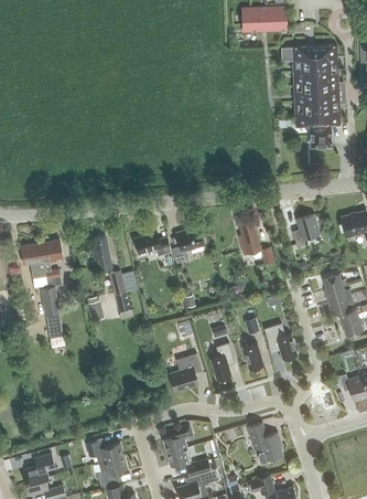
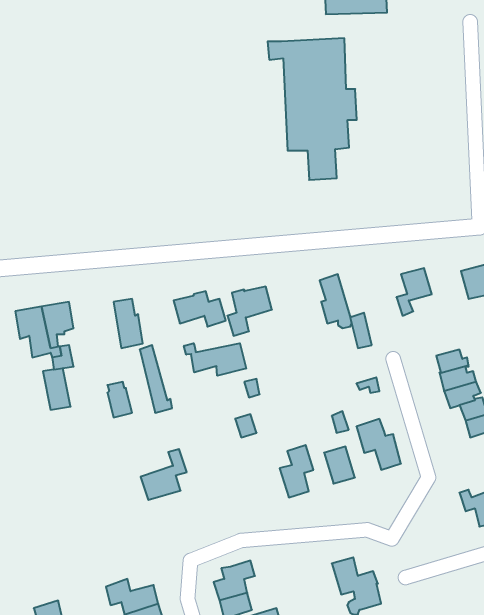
building: [281,45,345,147] -> [268,38,357,180]
building: none -> [184,343,246,376]
building: [169,353,202,390] -> [141,449,187,500]

